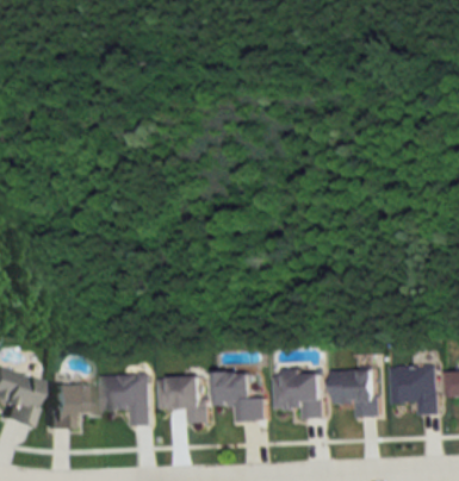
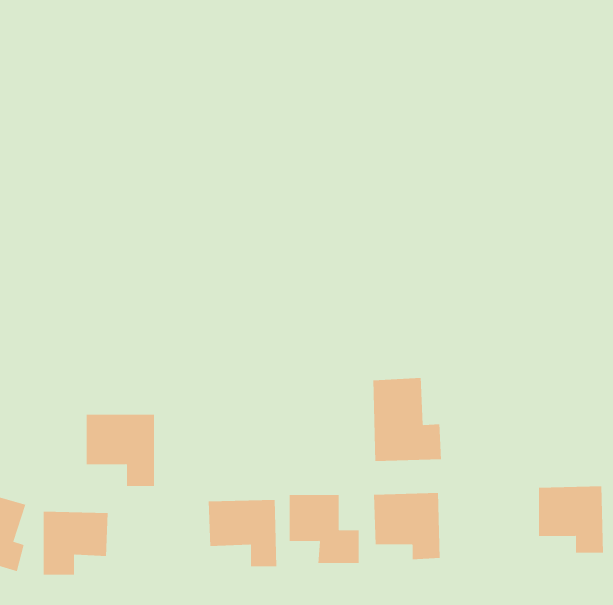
building: none -> [373,377,442,462]
building: [331,370,377,417] -> none
building: [100,374,149,425] -> [86,414,155,487]

